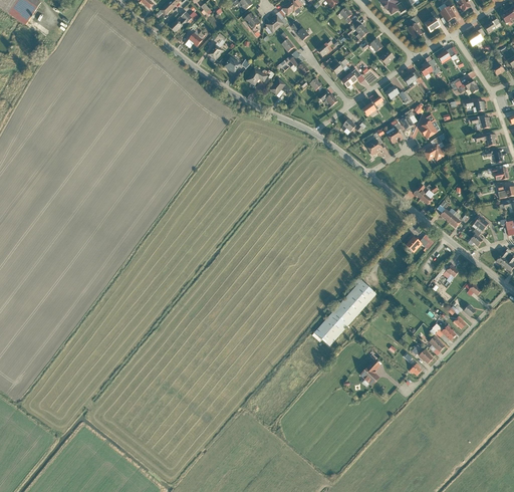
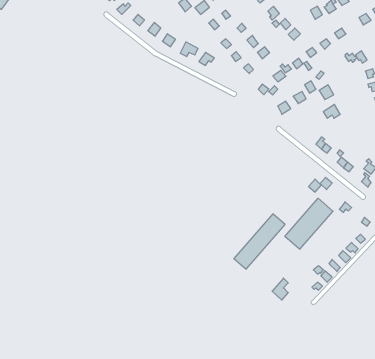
building: none -> [285,198,333,249]

